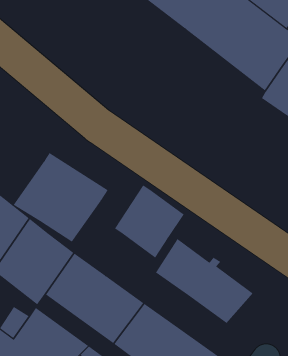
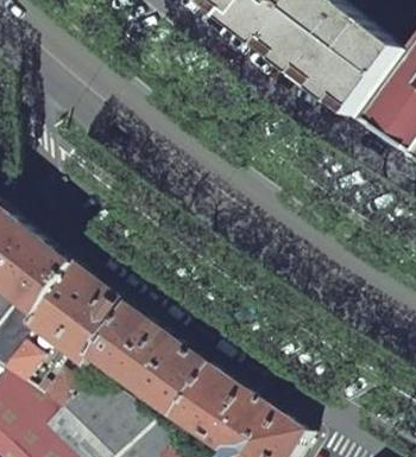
building: [13,152,109,243] -> none
building: [114,185,184,258] -> none
building: [155,238,254,324] -> none

